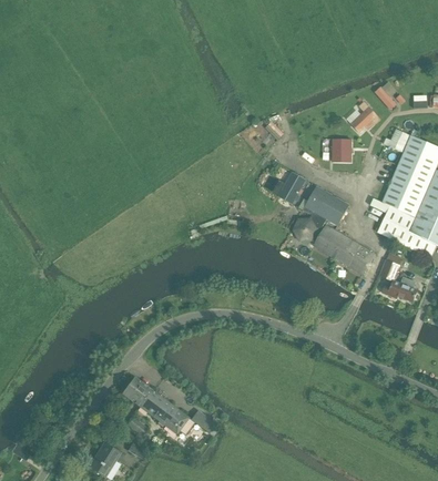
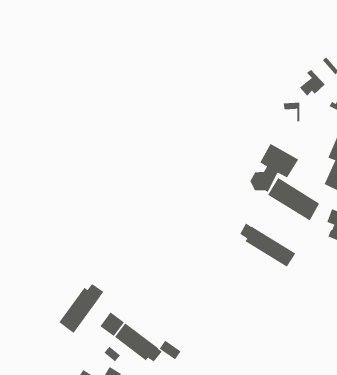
building: [276,172,306,205] -> none
building: none -> [239,223,296,268]
building: none -> [58,283,104,334]

